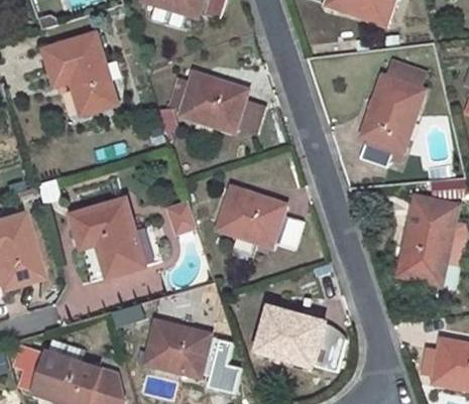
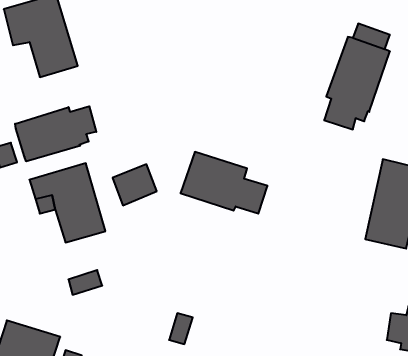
building: [181,75,265,134] -> none
building: none -> [15,106,96,161]
building: [258,309,345,372] -> none
building: [145,322,210,377] -> none

